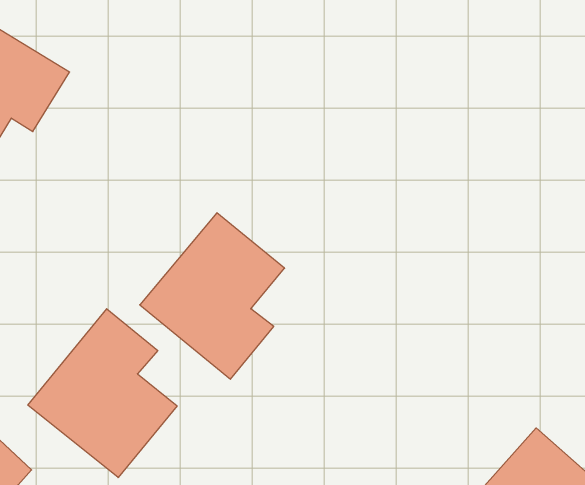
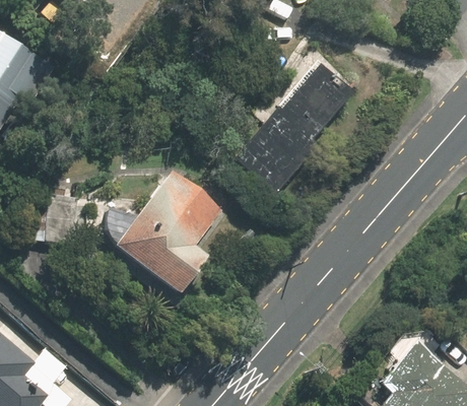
building: none -> [232,66,349,195]
building: [28,309,177,478] -> none

